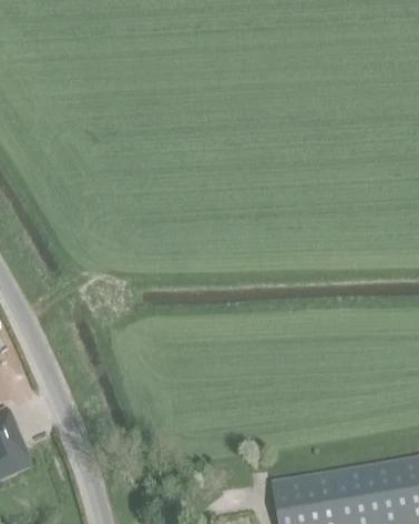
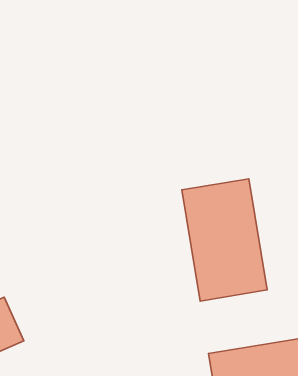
building: none -> [182,179,267,301]

